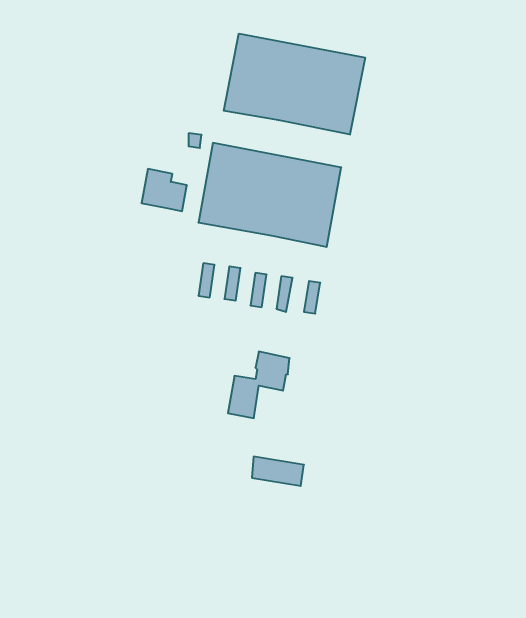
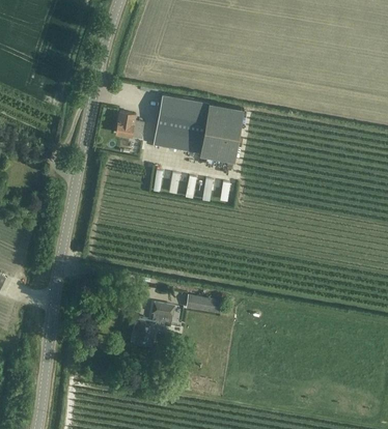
building: [224,34,365,135] -> none
building: [228,352,290,418] -> [134,301,173,343]

